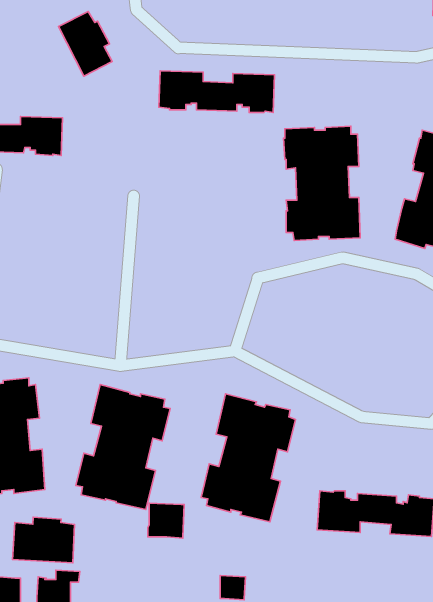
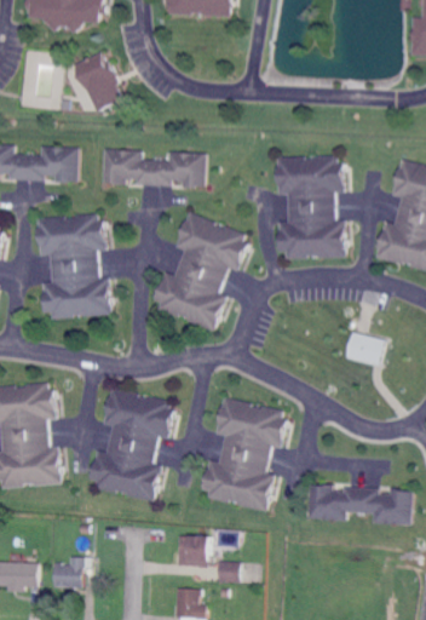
building: [159,71,275,112] -> [100,149,205,186]
building: none -> [154,212,248,331]
building: none -> [36,213,110,318]
building: none -> [345,328,384,362]
building: [148,503,184,538] -> [178,534,211,566]
building: [12,517,74,563] -> none

